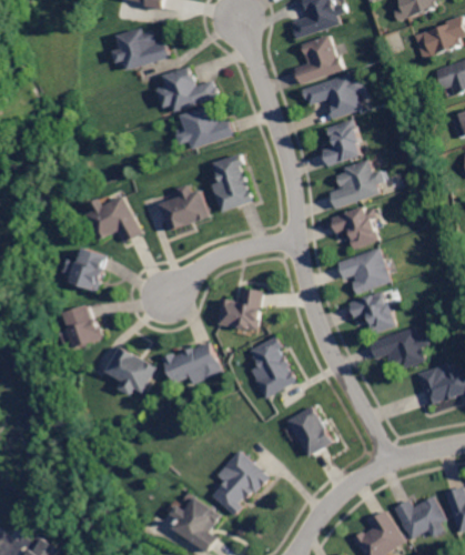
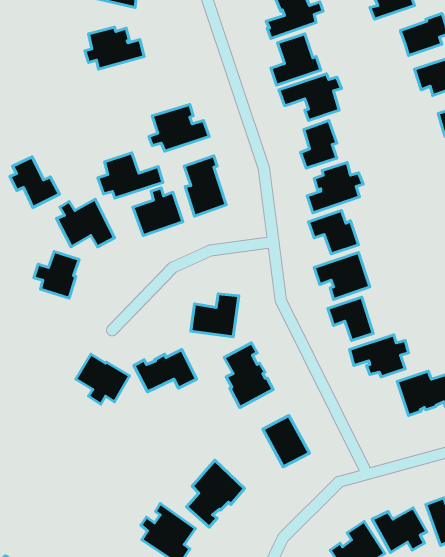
building: [154,68,218,112] -> [98,153,163,198]
building: none -> [10,157,59,208]
building: [58,305,99,350] -> none

